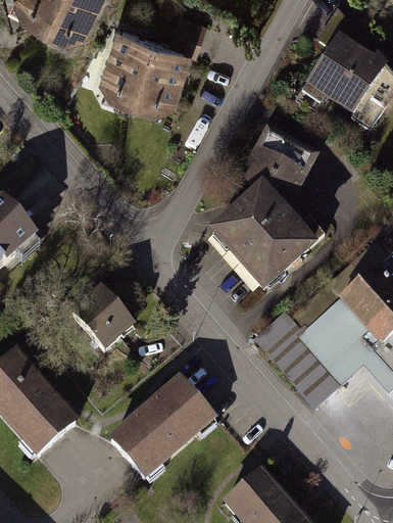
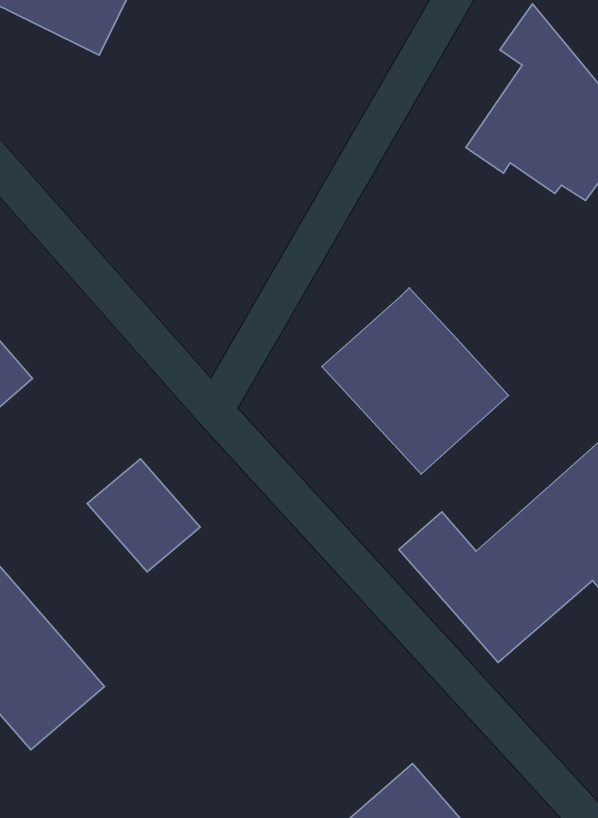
building: [92,23,189,122] -> none
building: [242,123,322,209] -> none
building: [107,371,218,478] -> none

